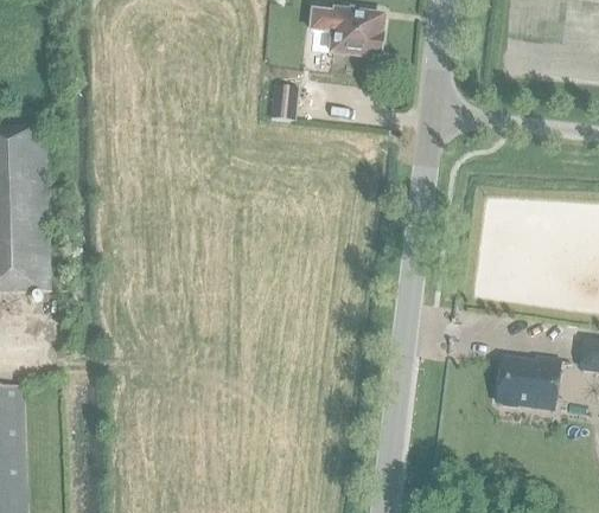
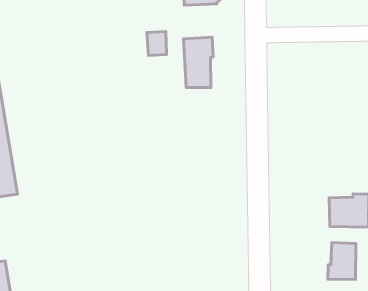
building: none -> [184,37,213,88]
building: none -> [328,242,356,280]

